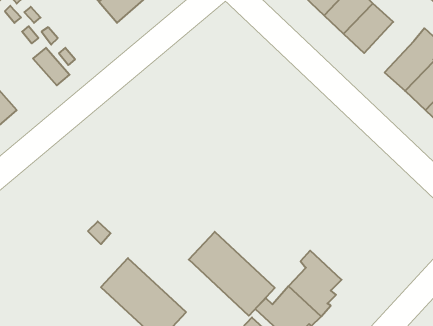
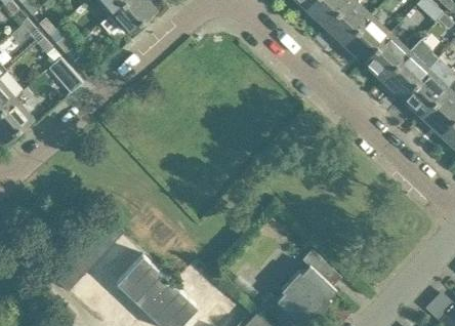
building: none -> [363,33,410,81]
building: [189,232,275,316] -> none

